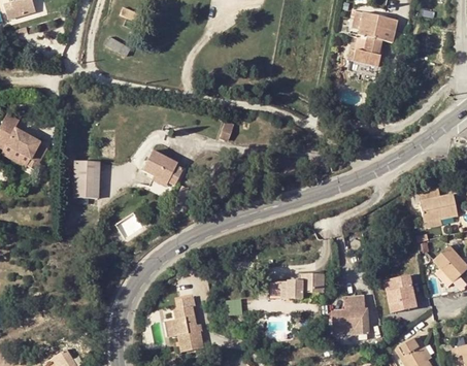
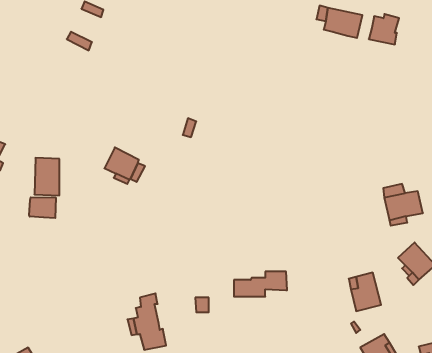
building: [353,36,382,66] -> [369,14,399,44]
building: none -> [29,197,56,218]
building: [332,295,368,334] -> none

